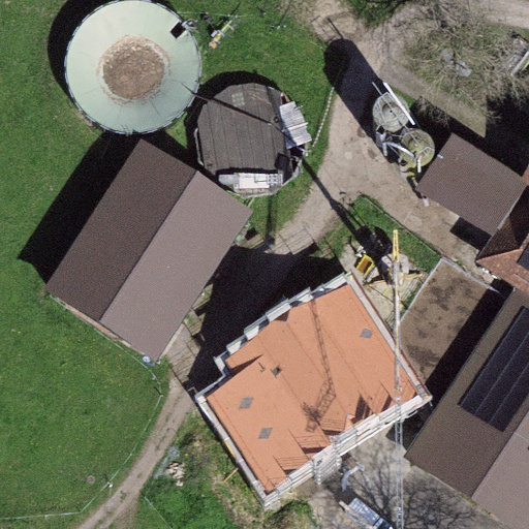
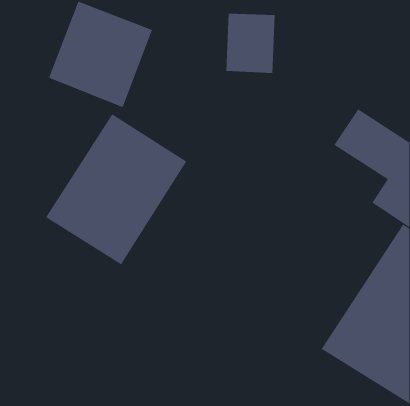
building: [213,94,277,172] -> [226,13,275,74]
building: [213,289,405,477] -> none

